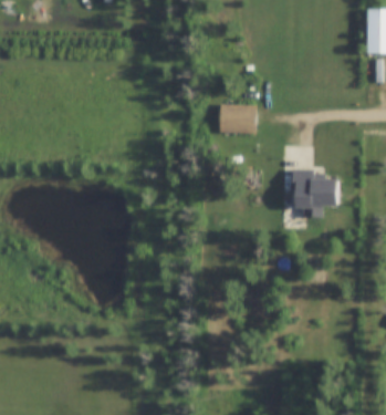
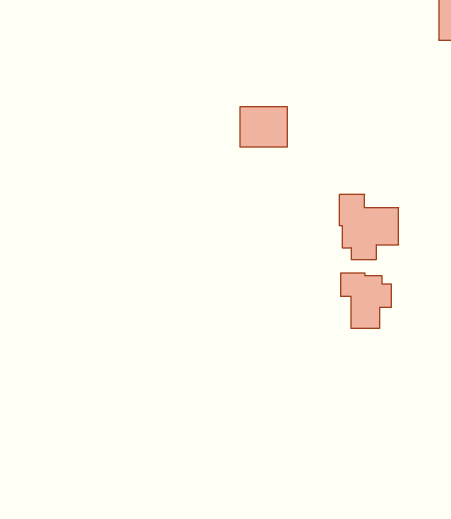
building: none -> [341,273,391,328]

